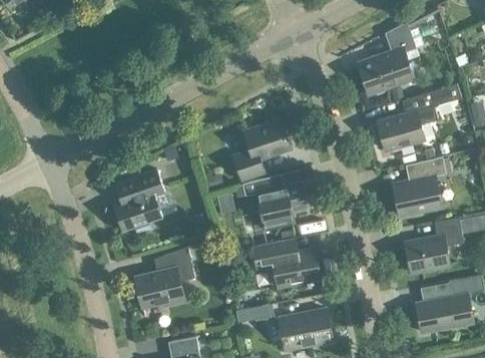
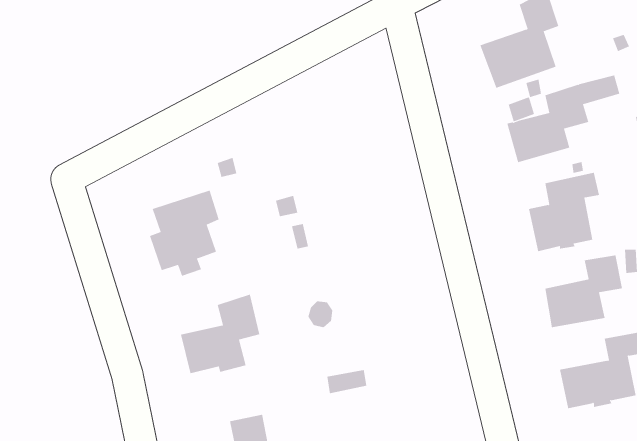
building: [232,119,291,181] -> none
building: [241,174,306,229] -> none
building: [253,241,320,288] -> none
building: [279,309,332,350] -> none

